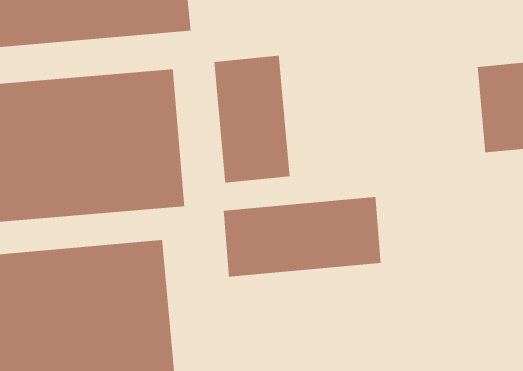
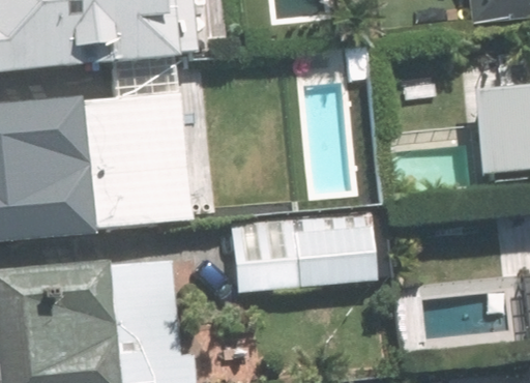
building: [213,55,290,183] -> none

